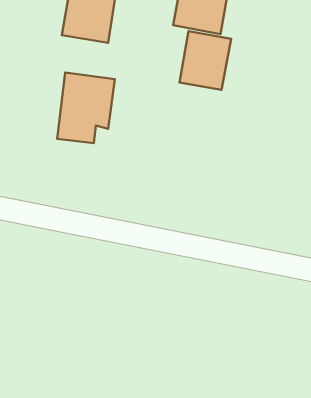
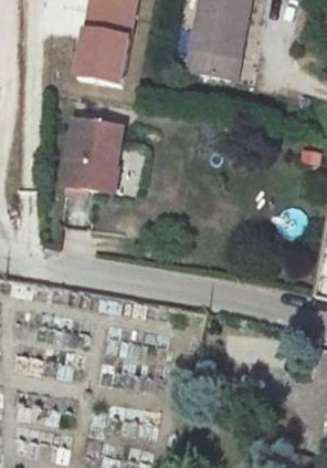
building: [180,31,231,90] -> none

